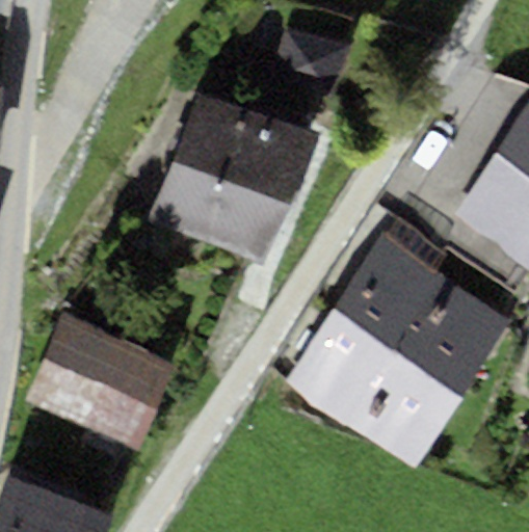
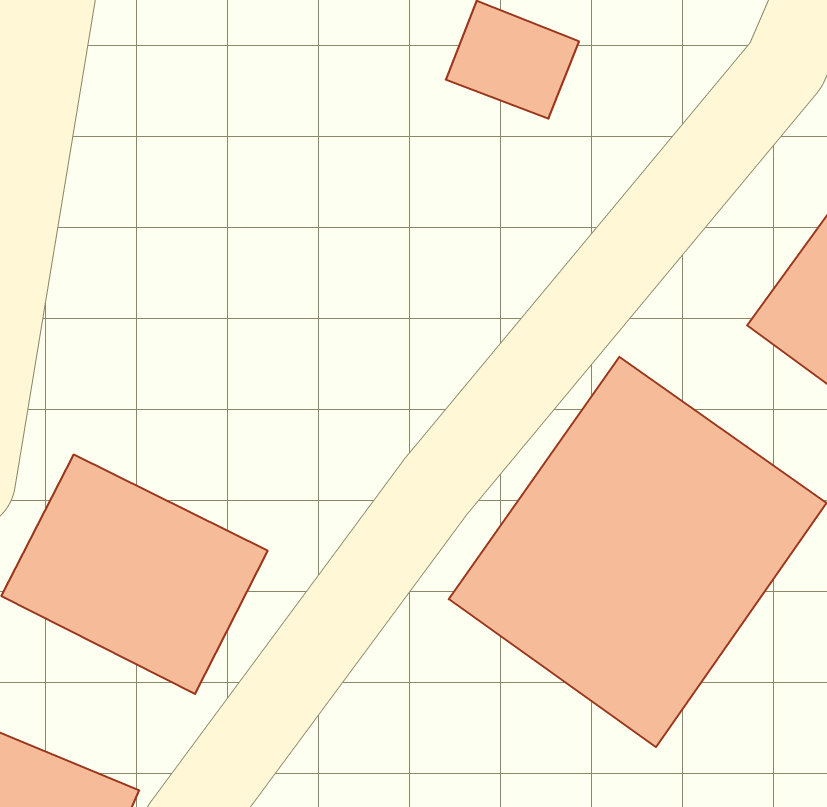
building: [148,95,316,266] -> none

